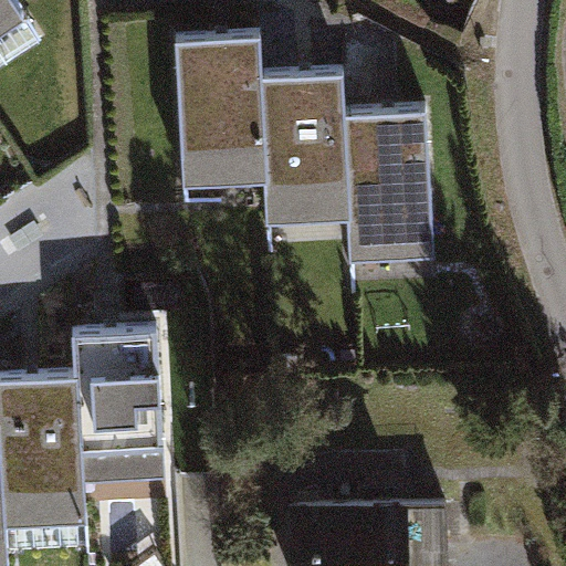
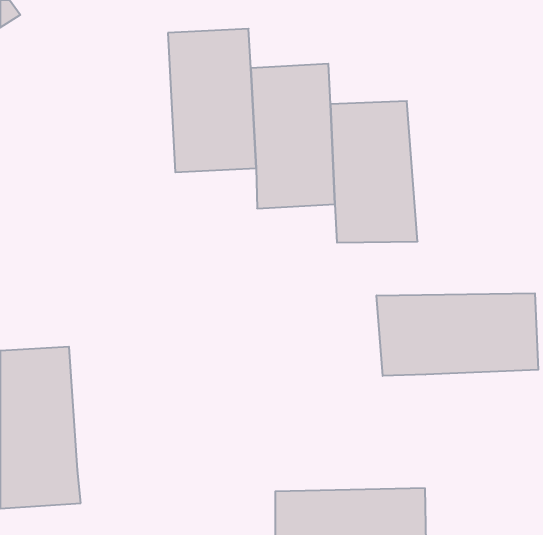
building: none -> [377,293,538,376]
building: [69,327,166,497] -> none

